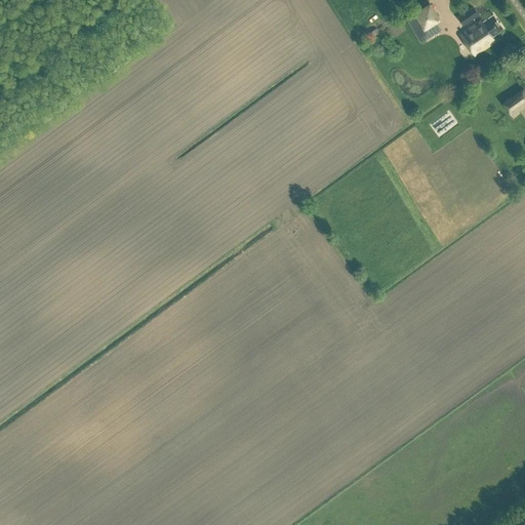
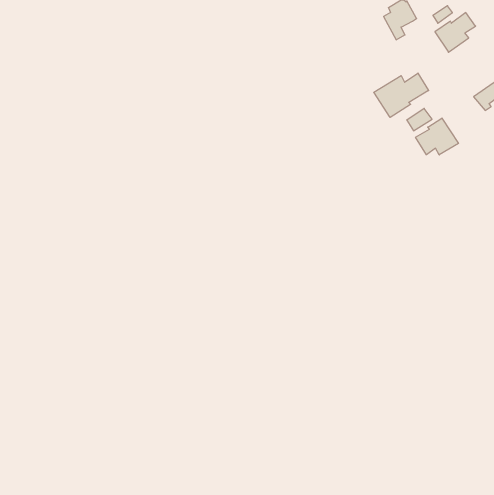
building: none -> [374,73,429,117]
building: none -> [416,118,458,155]

